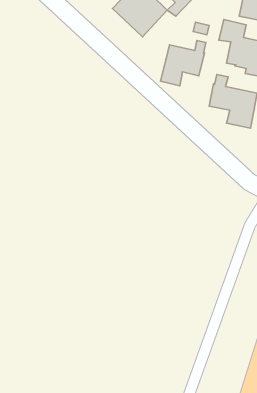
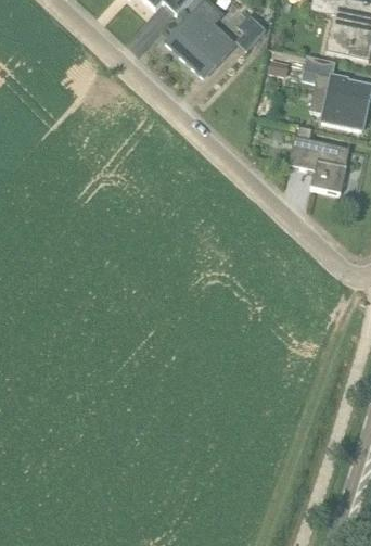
building: [161,40,206,86] -> none

